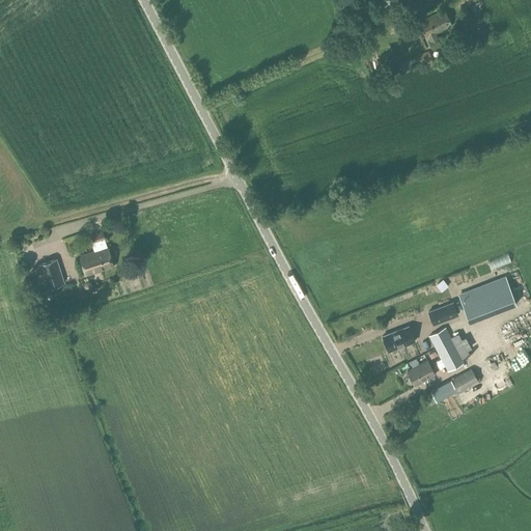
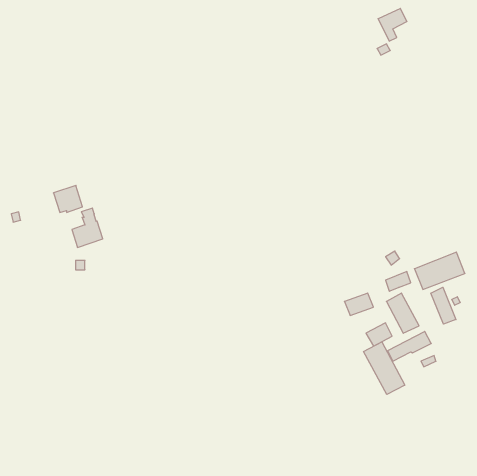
building: [32,258,64,288] -> [53,185,82,212]
building: none -> [431,287,456,324]
building: none -> [364,342,405,394]

